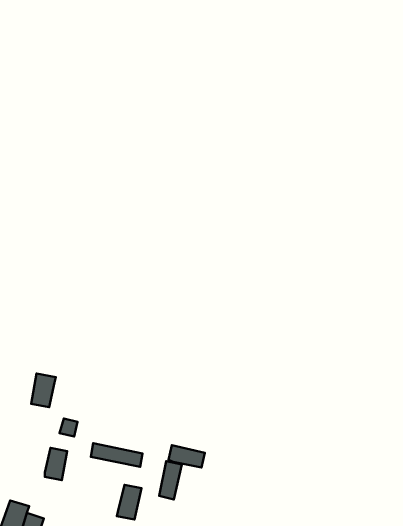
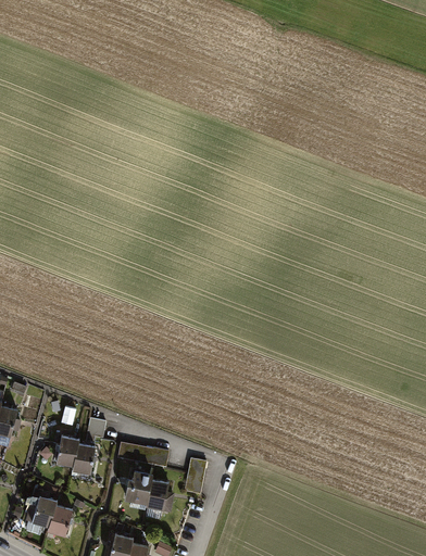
building: [31,374,56,407] -> [57,435,80,468]
building: [168,445,205,467] -> none
building: none -> [124,469,152,506]

